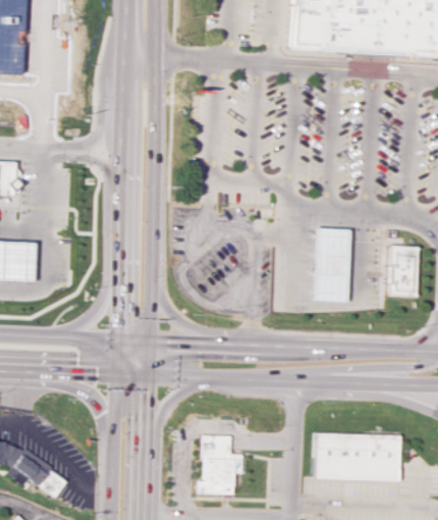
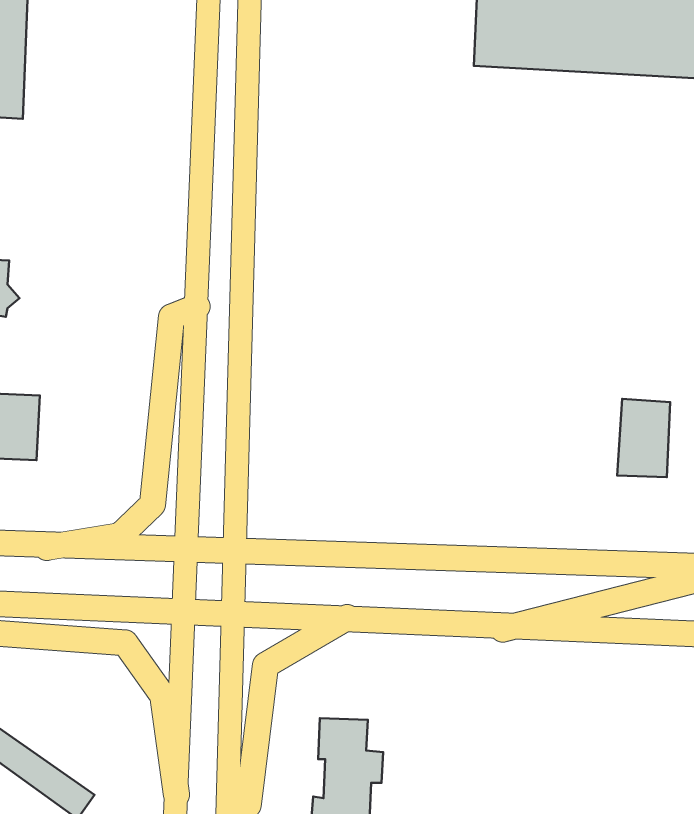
building: [316,228,348,302] -> none
building: [315,433,400,475] -> none

